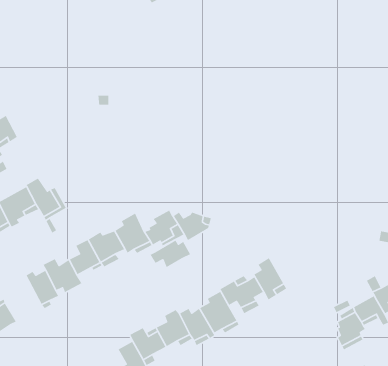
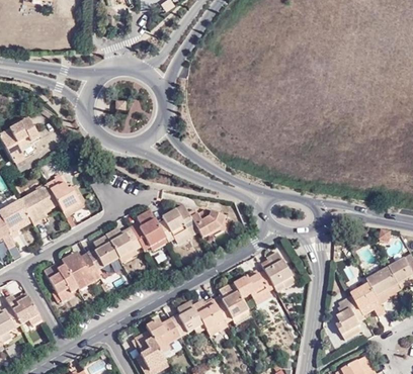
building: [149,239,191,268] -> none

